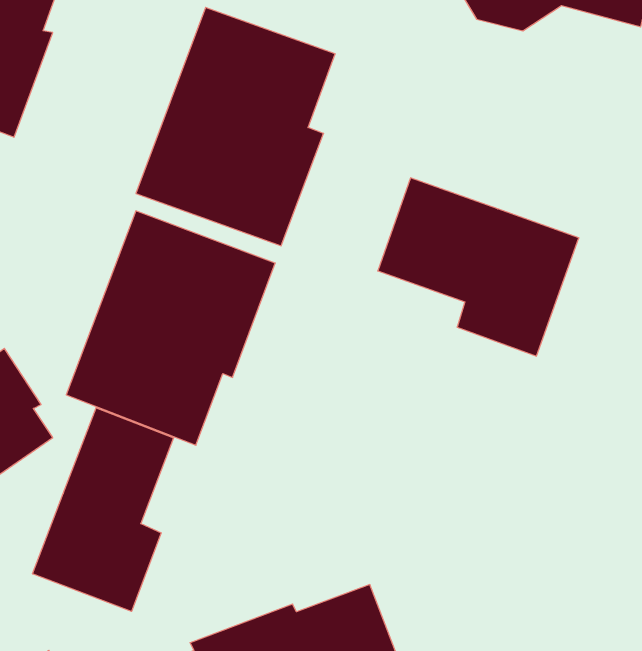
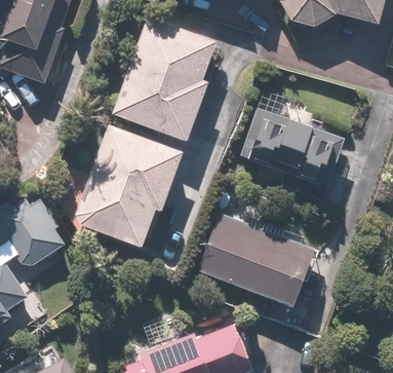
building: none -> [196,212,315,308]
building: [33,408,174,611] -> none

